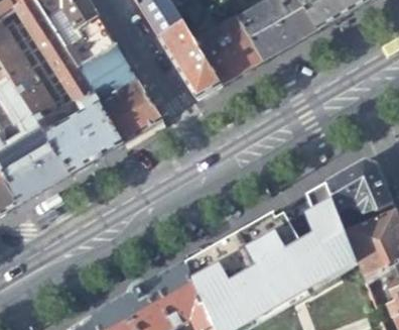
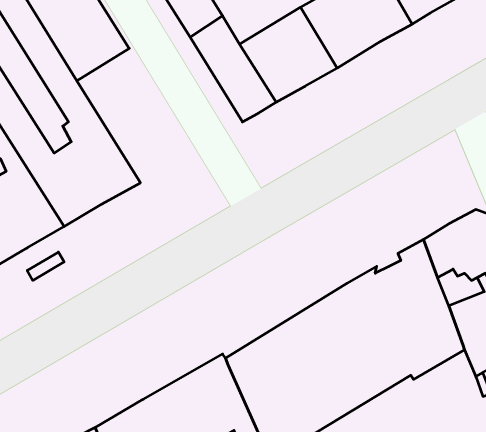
building: [81,46,164,142] -> none

